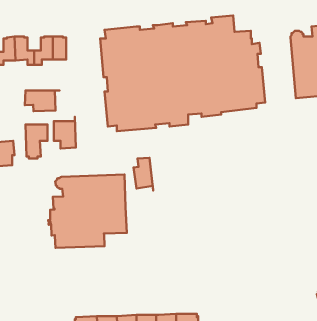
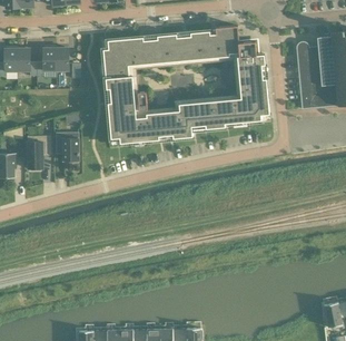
building: [25,90,60,111] -> none
building: [133,158,153,191] -> none
building: [48,175,127,248] -> none

